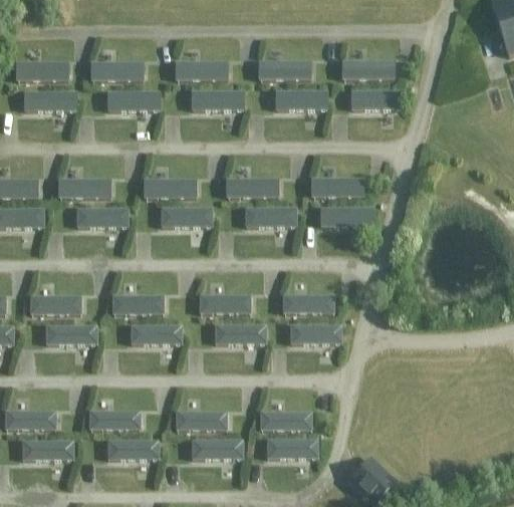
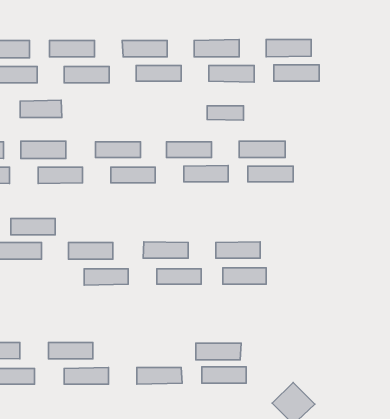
building: none -> [20,100,62,118]
building: none -> [207,106,243,120]
building: [46,325,97,344] -> [11,218,55,235]
building: [176,411,227,431] -> none

